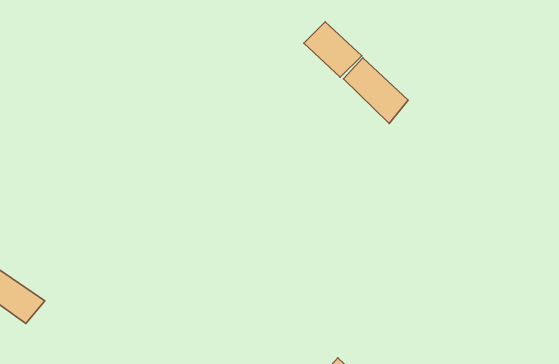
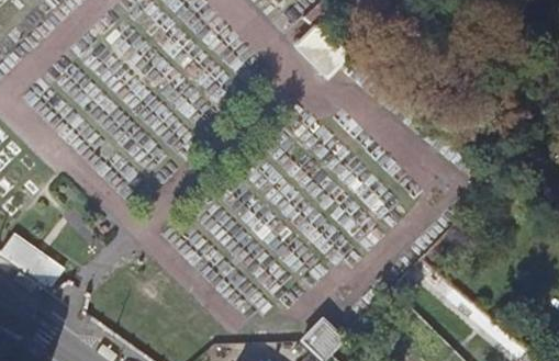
building: [343,58,408,124] -> none

